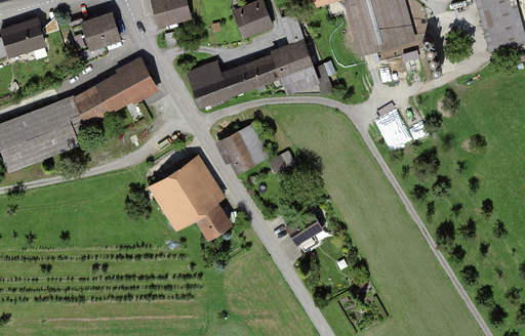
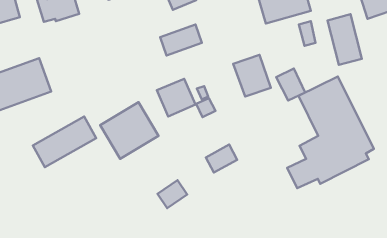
building: [273,39,321,92] -> [233,55,271,97]
building: none -> [327,14,362,65]
building: [75,58,156,123] -> [33,117,96,167]
building: [187,65,231,107] -> none
building: none -> [287,76,374,188]
building: [193,203,231,239] -> [158,180,187,208]

